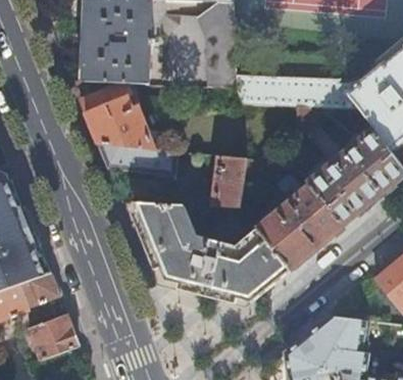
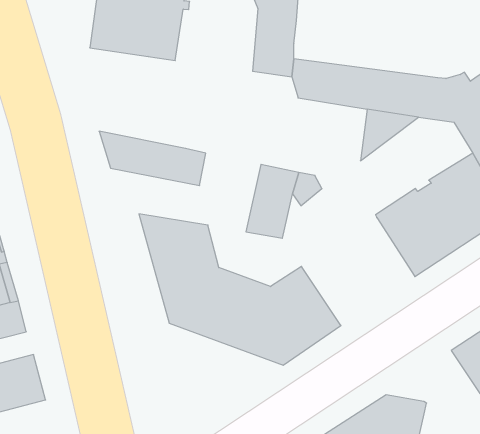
building: [70,81,161,148] -> none
building: [256,170,341,268] -> none

